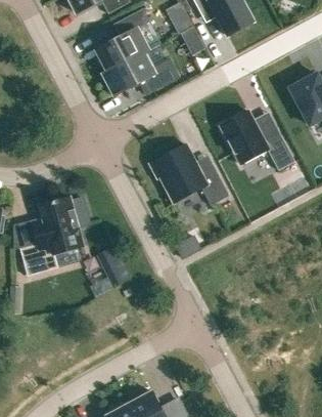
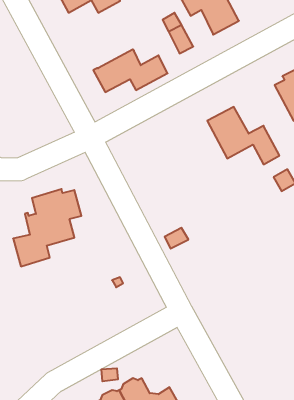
building: [95,7,150,71] -> none
building: [149,143,229,205] -> none
building: [95,246,130,288] -> none

